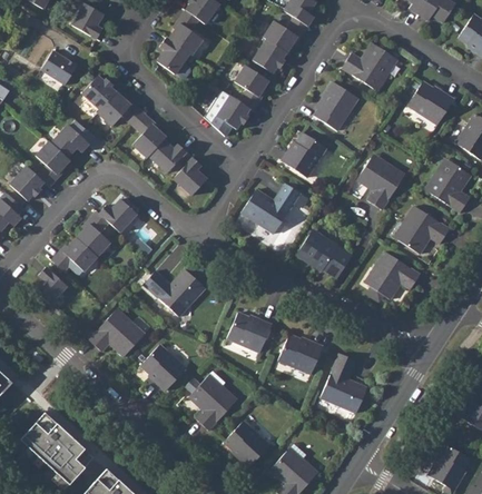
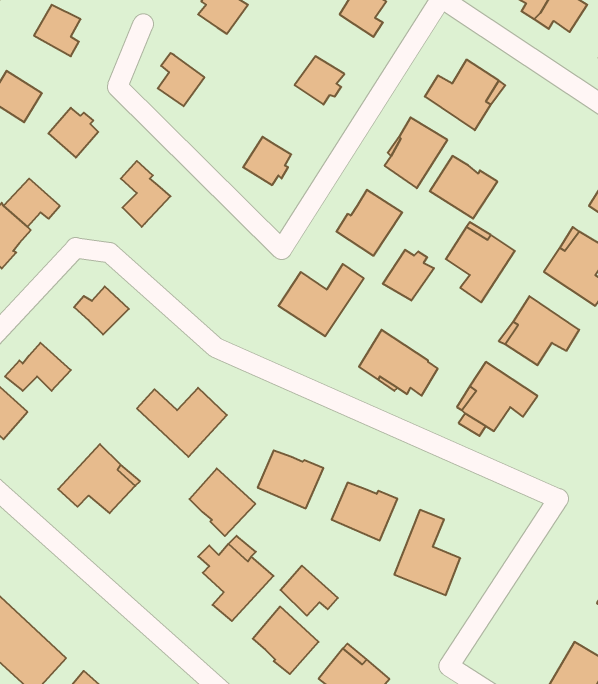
building: [168,11,203,56] -> none
building: [263,18,306,52] -> none
building: [234,66,268,110] -> none
building: [406,81,453,125] -> [430,156,497,219]
building: [97,92,142,126] -> none
building: [148,140,186,174] -> none
building: [173,158,206,196] -> none
building: none -> [383,250,434,301]
building: [76,211,110,257] -> none
building: [140,345,186,392] -> [189,468,255,536]
building: none -> [280,566,338,616]

